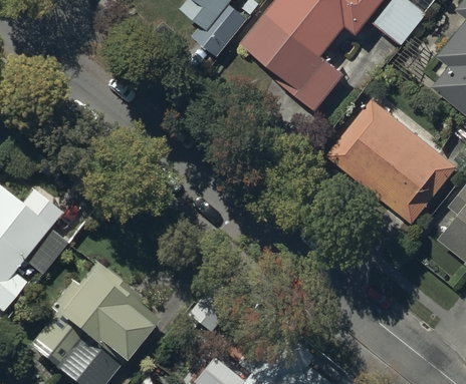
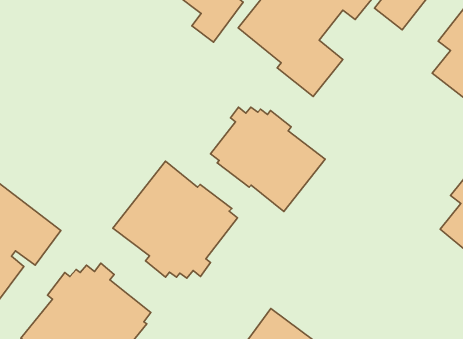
building: [326,98,457,224] -> none
building: none -> [211,107,325,212]
building: none -> [113,161,238,278]

